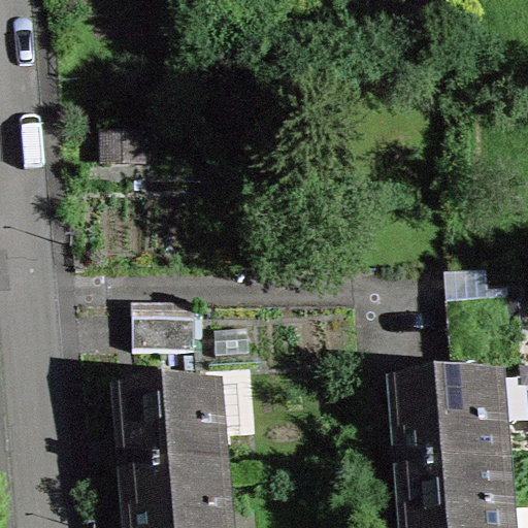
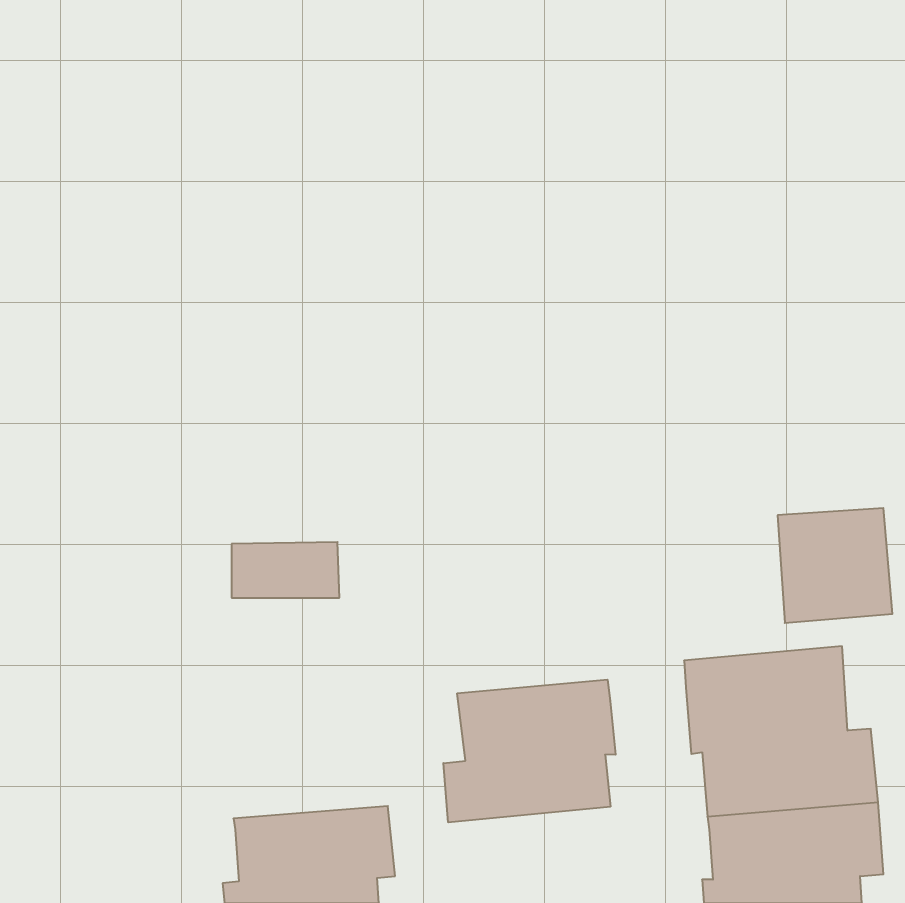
building: [125,378,231,470] -> none
building: none -> [443,680,616,822]

